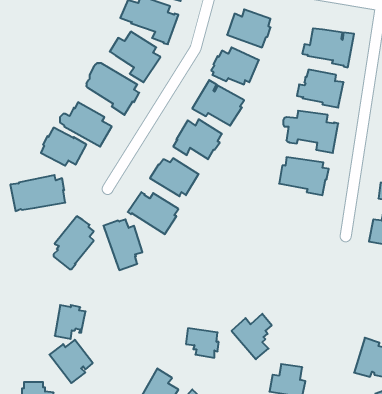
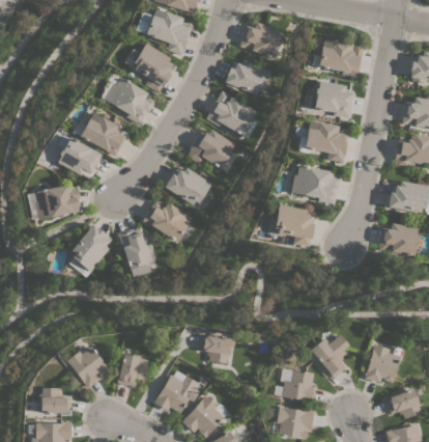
building: none -> [275,204,314,246]
building: [55,305,86,339] -> [117,353,147,386]
building: [232,314,272,359] -> [310,333,349,378]

